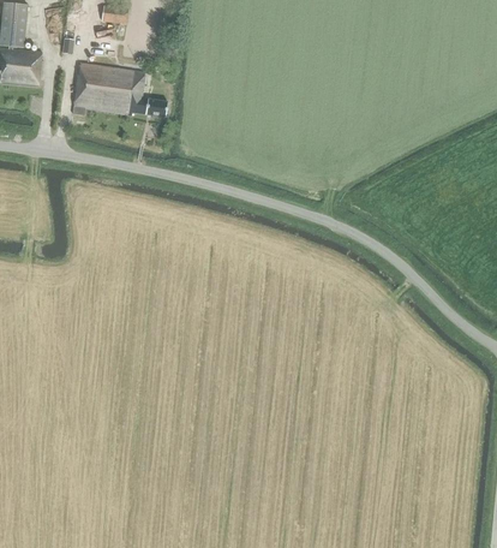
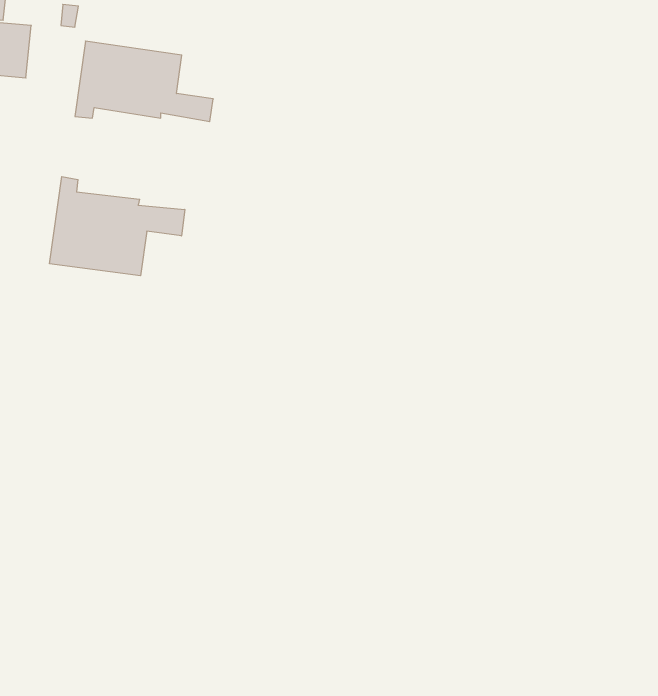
building: none -> [50,177,185,276]

